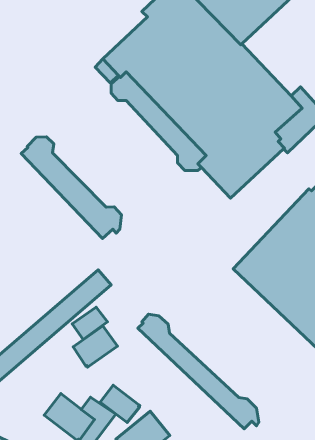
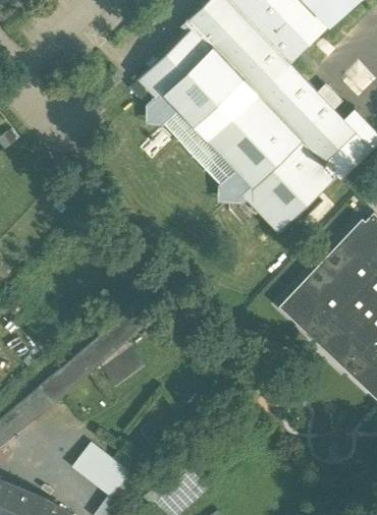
building: [21,137,121,239] -> none
building: [138,314,259,429] -> none
building: [73,326,117,367] -> none
building: [100,385,140,423] -> none

